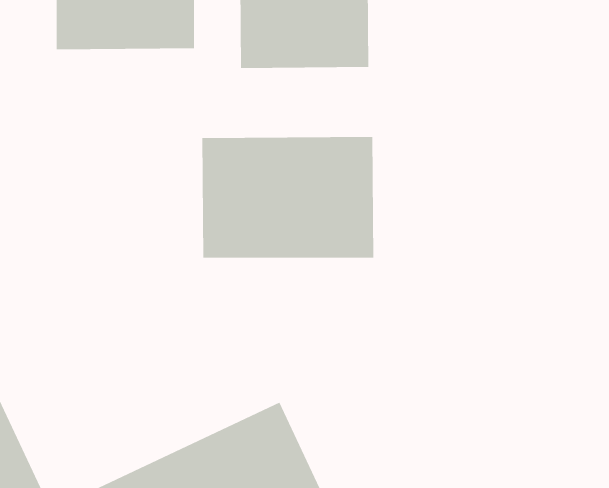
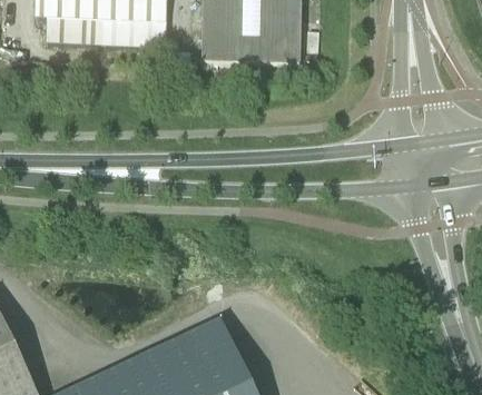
building: [202,136,374,259] -> none

